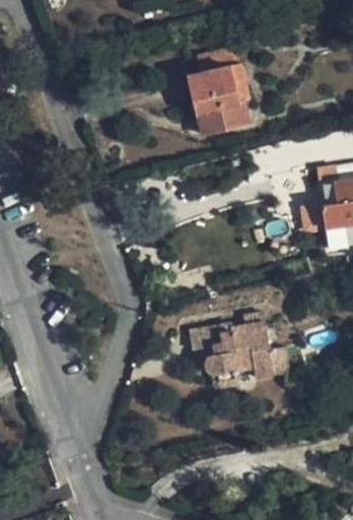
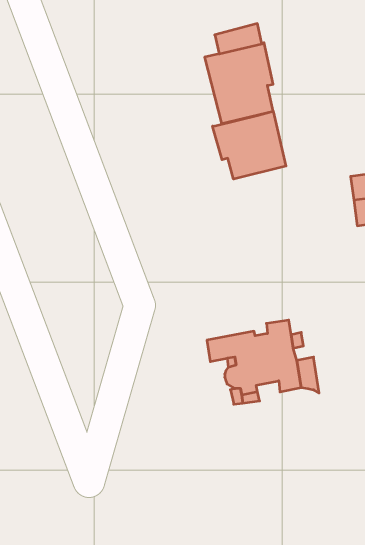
building: none -> [213,111,286,179]

